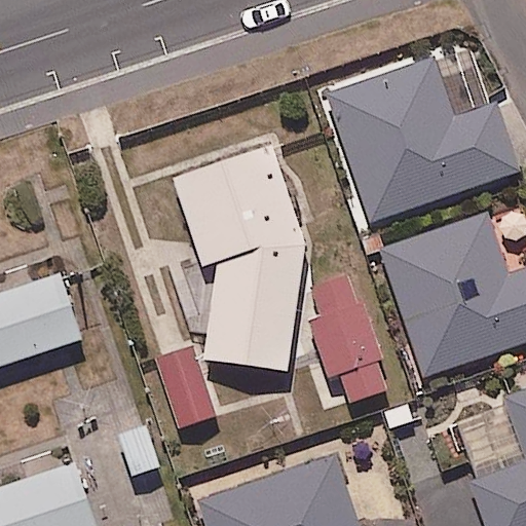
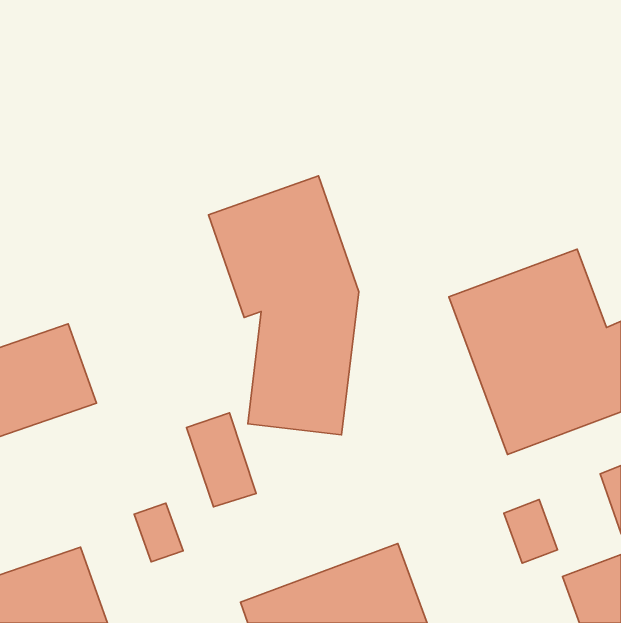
building: [323,52,518,225] -> none
building: [305,274,385,402] -> none

